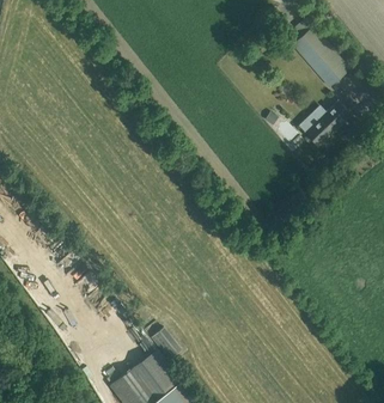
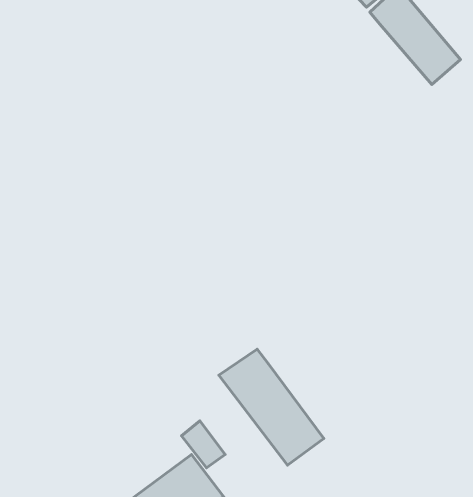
building: [304,102,348,146] -> none
building: none -> [219,349,324,465]

